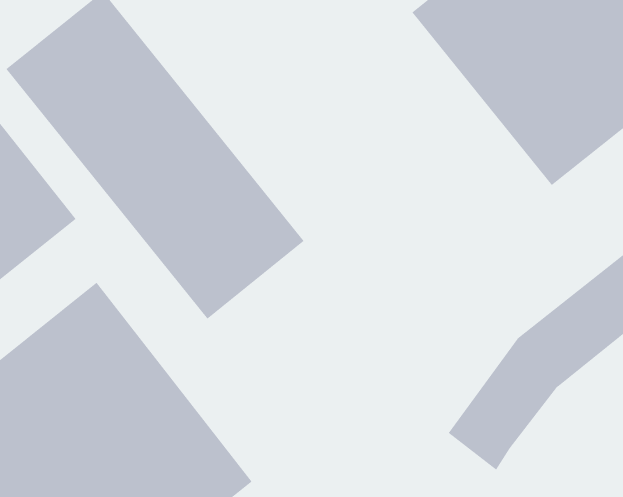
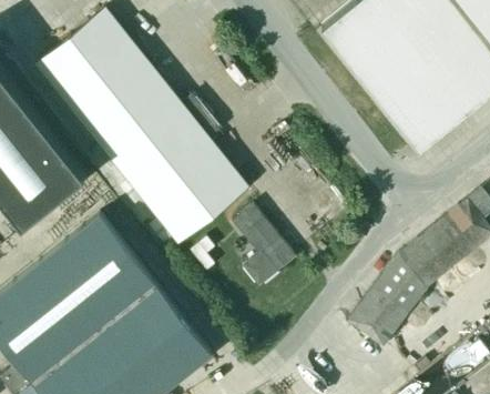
building: none -> [232,202,295,286]

